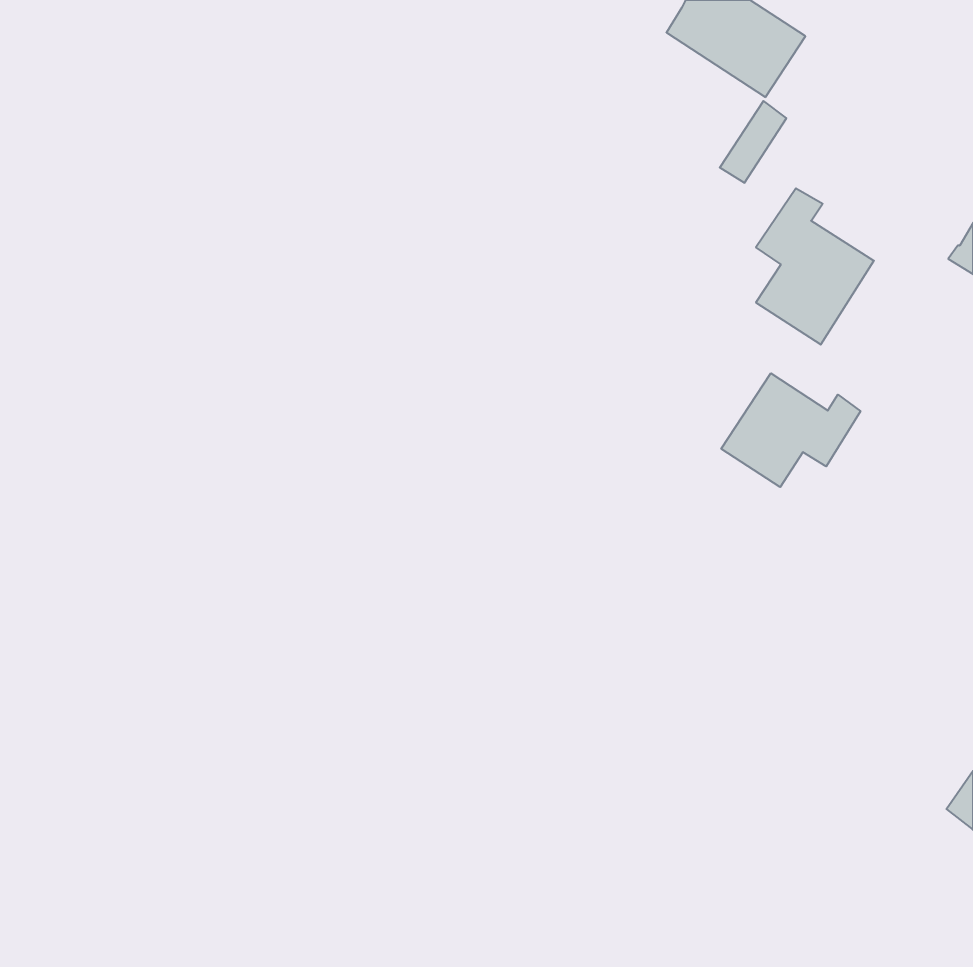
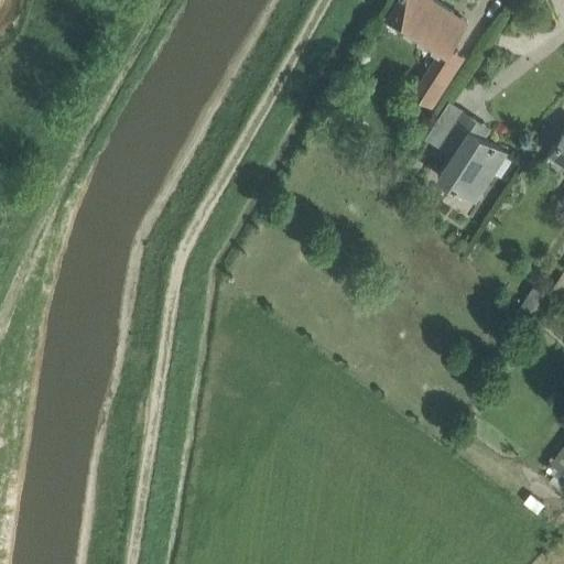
building: [721,373,860,487] -> none

